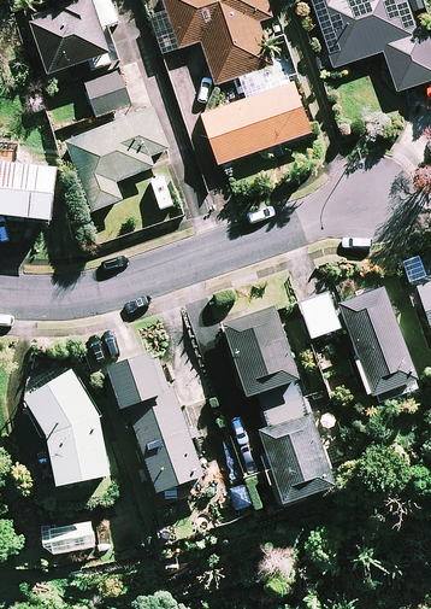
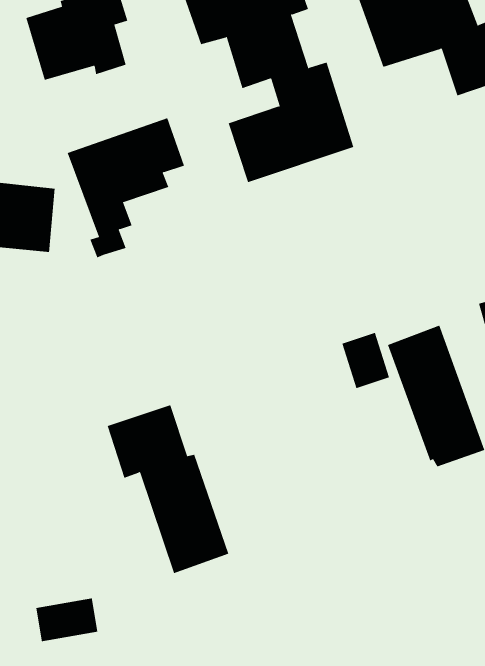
building: [83,70,128,115] -> none
building: [220,304,335,506] -> none
building: [24,369,108,488] -> none

